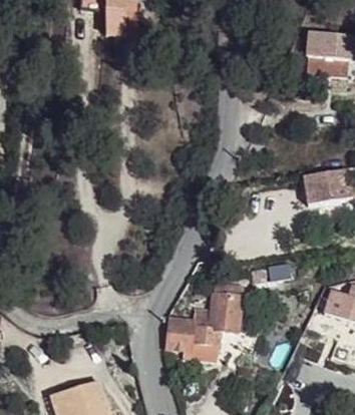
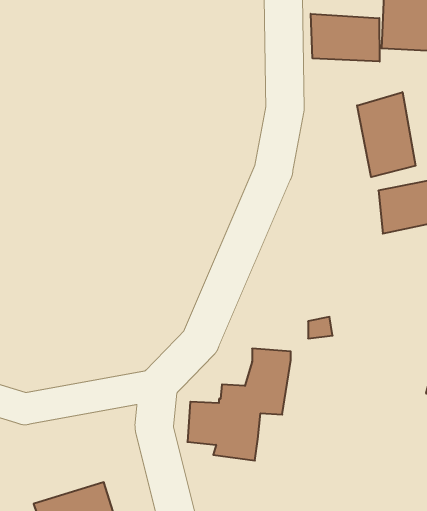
building: none -> [311,14,380,62]
building: none -> [357,92,416,177]

